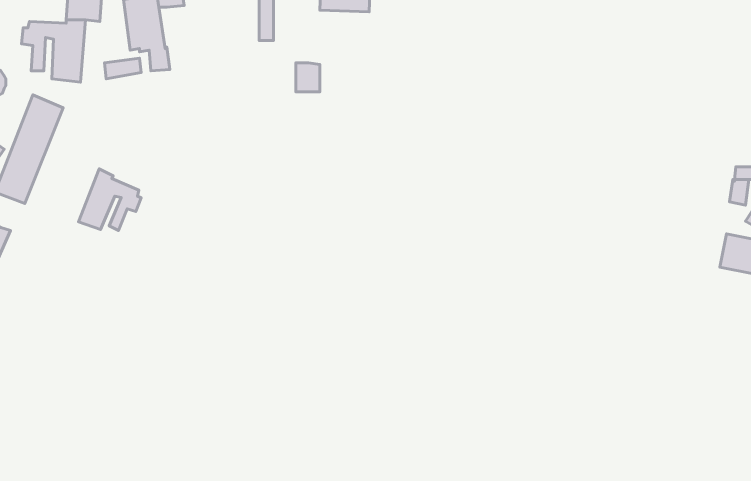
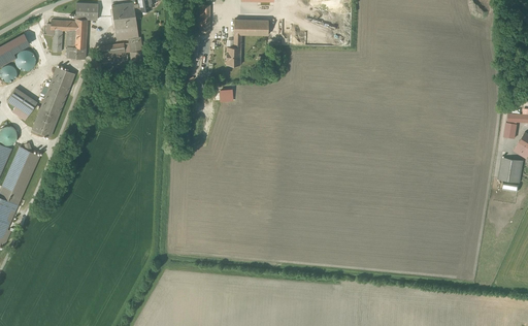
building: none -> [232,19,267,47]
building: [79,169,141,230] -> none

